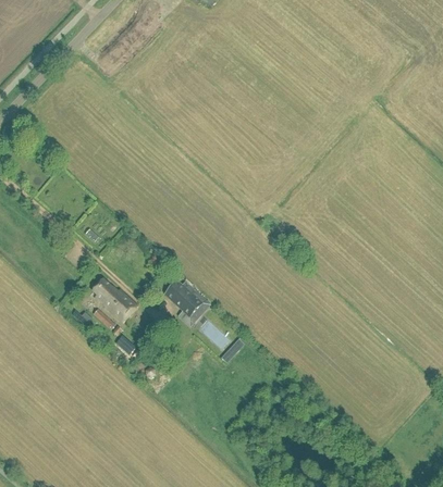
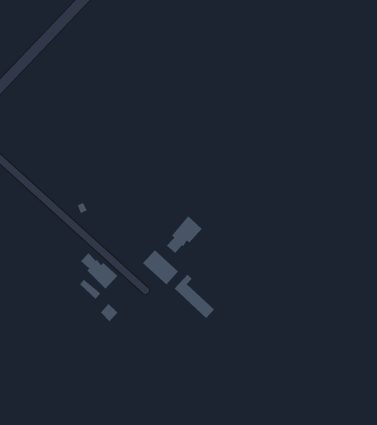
building: none -> [166,215,203,254]

